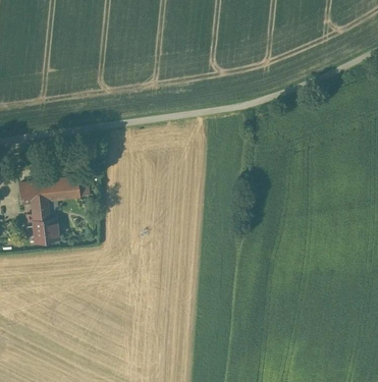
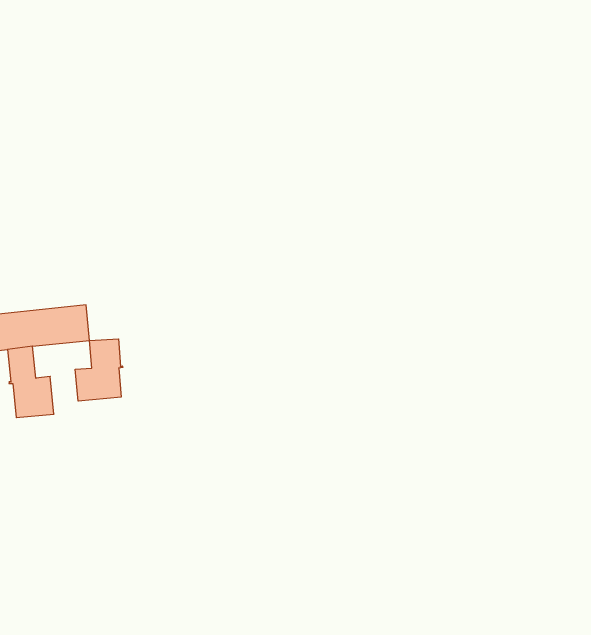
building: none -> [75,339,123,401]

